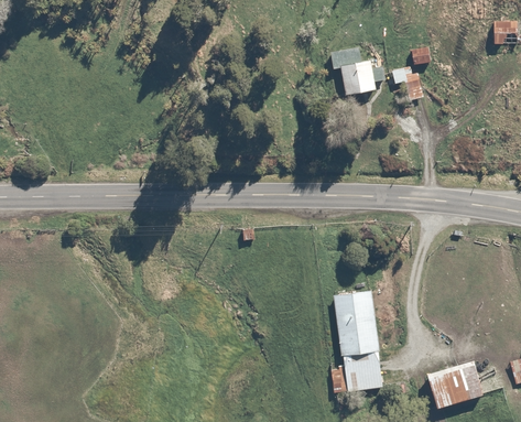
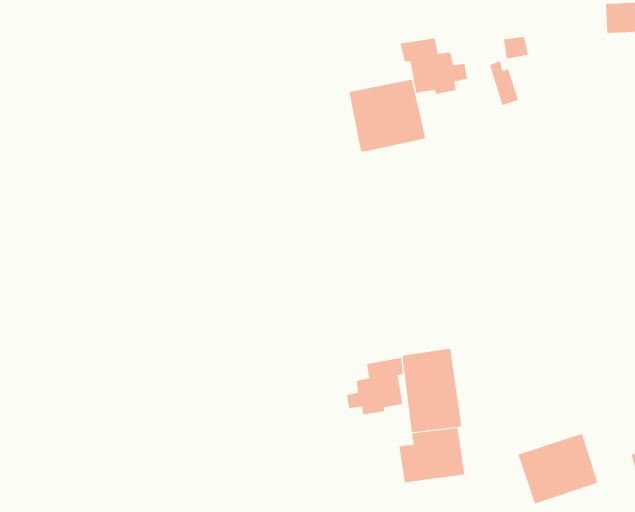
building: none -> [349,79,426,152]
building: none -> [346,357,403,415]

